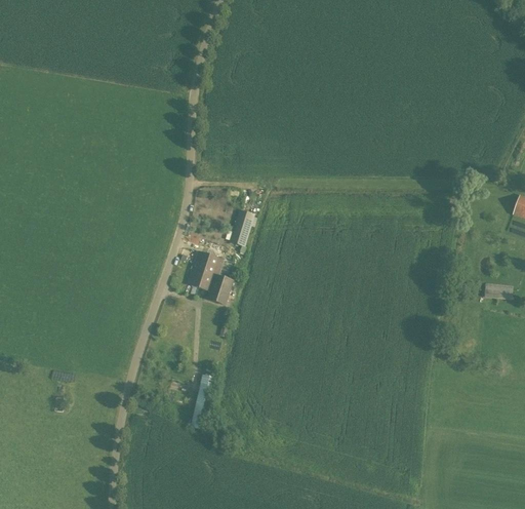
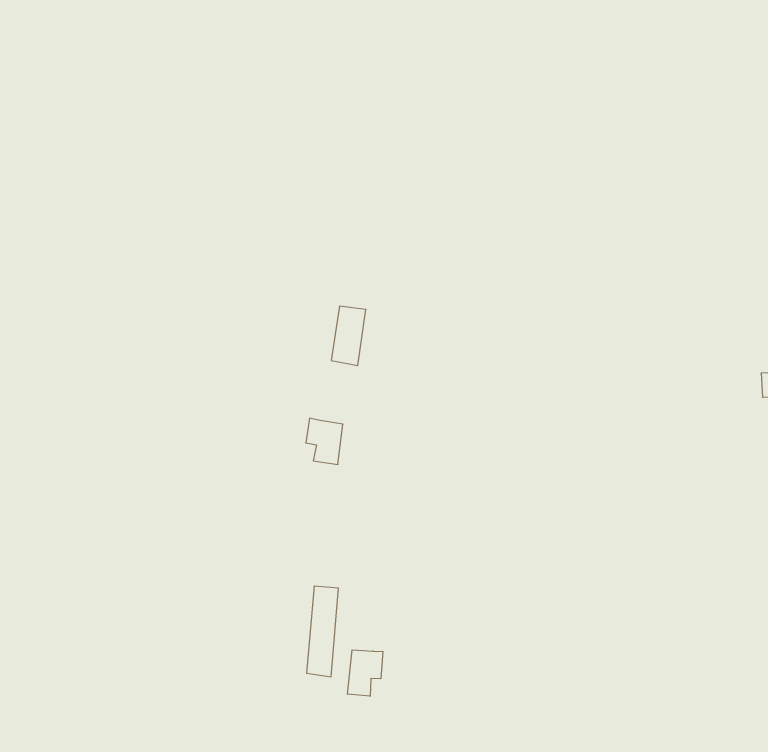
building: [188,251,224,288] -> none
building: none -> [348,650,383,696]

